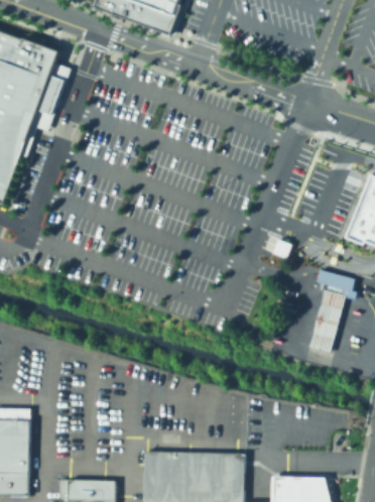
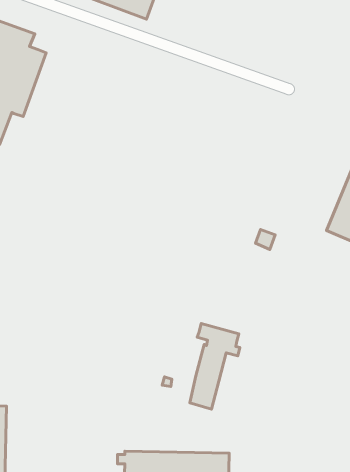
building: [308,268,357,351] -> [190,324,240,409]

